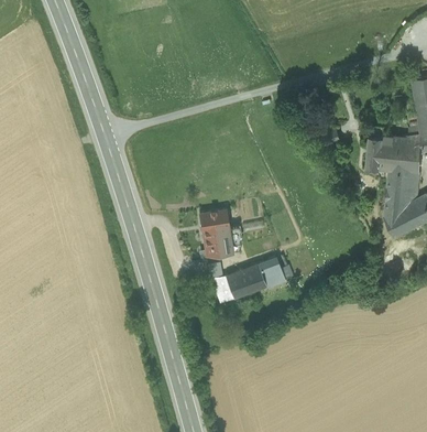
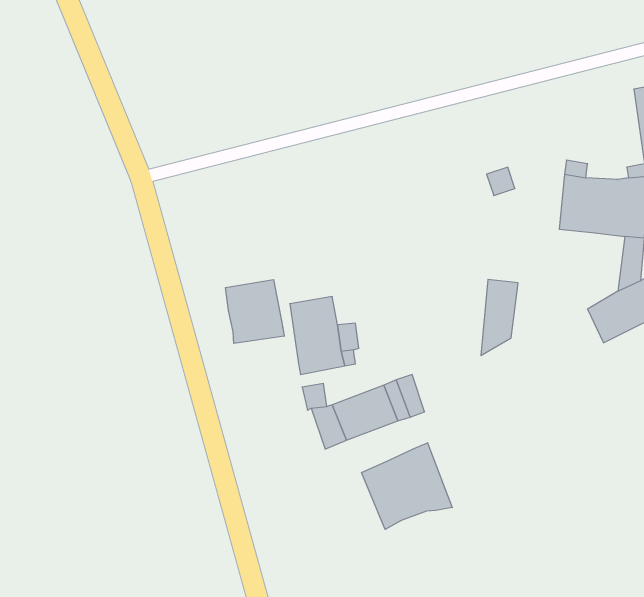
building: [384,170,407,217] -> [481,279,518,356]
building: none -> [225,280,284,343]
building: none -> [362,443,452,529]

